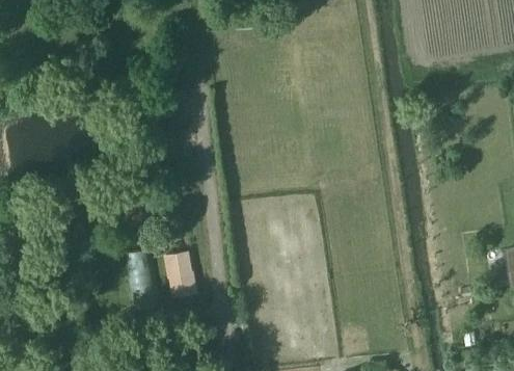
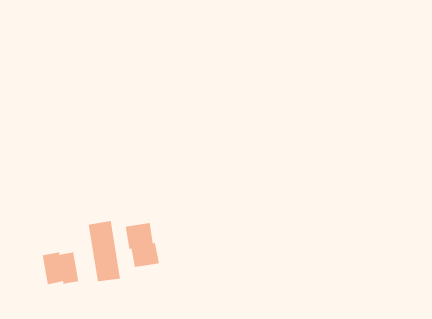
building: none -> [42,251,79,285]

